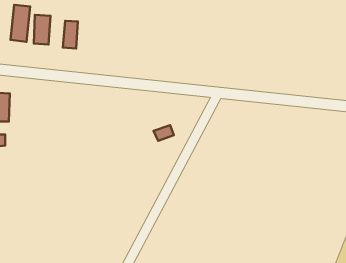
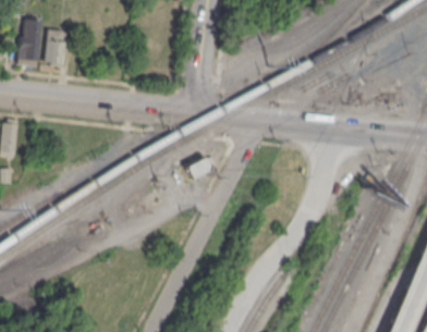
building: [63,21,78,48] -> none

